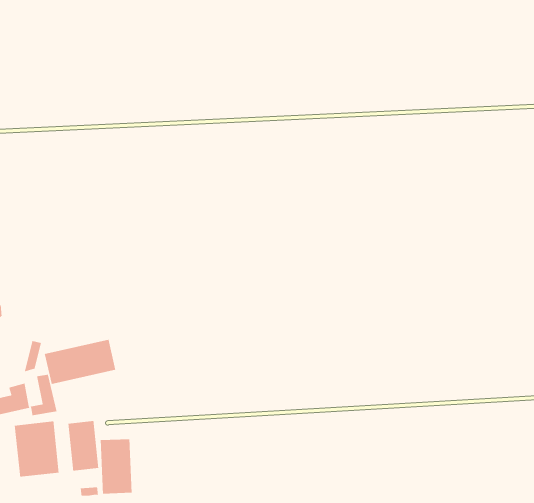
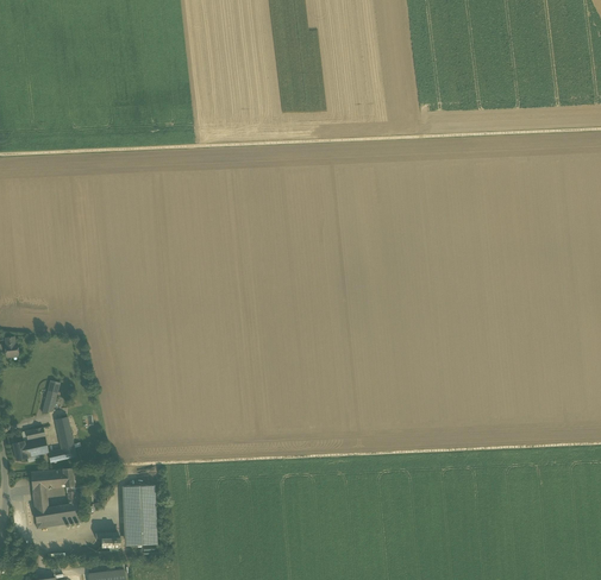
building: [44,339,116,385] -> none
building: [67,420,99,471] -> none

